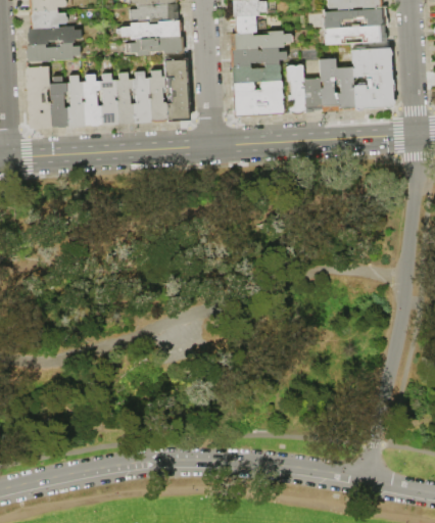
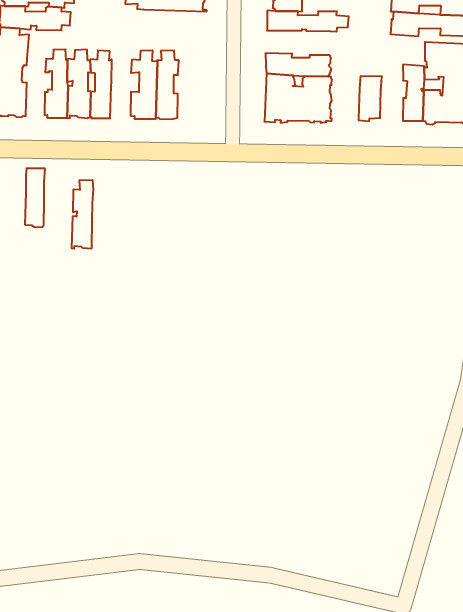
building: [125,37,185,54] -> none
building: [230,45,288,65] -> none
building: [164,56,191,121] -> none
building: [319,57,339,111] -> none
building: [287,63,305,114] -> none
building: [114,70,132,124] -> [72,180,93,249]
building: [50,82,66,127] -> [25,168,45,227]

